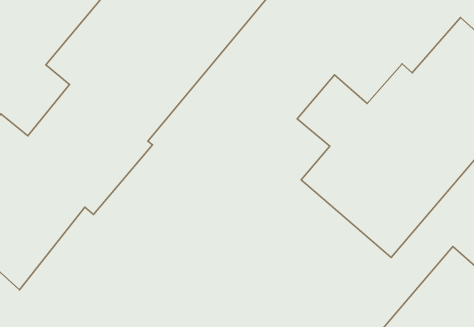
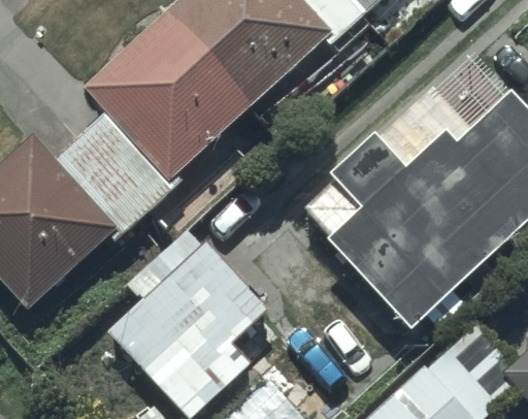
building: none -> [133,233,263,364]

